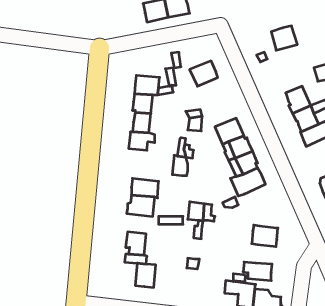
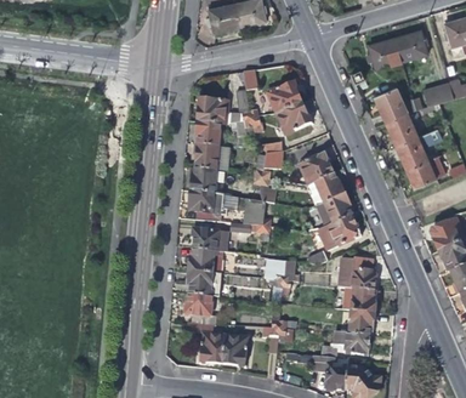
building: none -> [393,29,426,59]
building: none -> [374,86,415,121]
building: none -> [275,101,311,133]
building: none -> [188,189,234,221]
building: none -> [337,256,376,289]
building: none -> [187,271,220,296]
building: none -> [348,309,374,335]
building: none -> [221,335,246,365]

